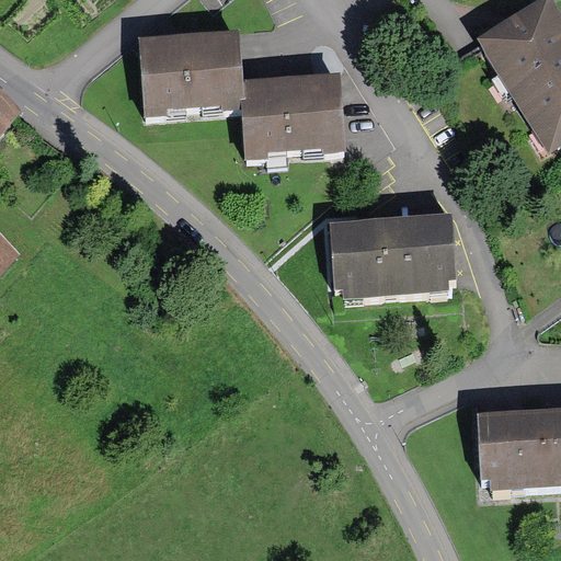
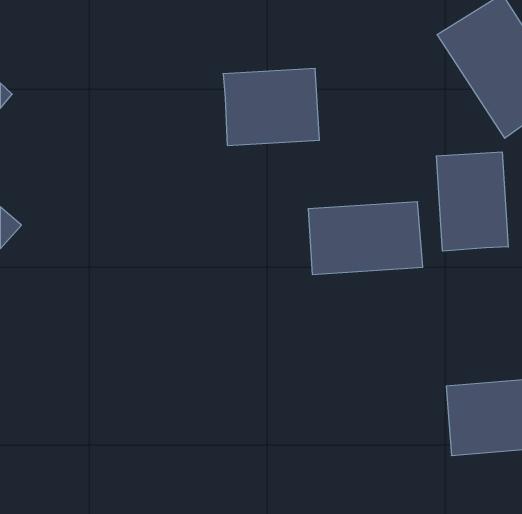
building: [142,32,242,111] -> none
building: none -> [436,152,508,251]

